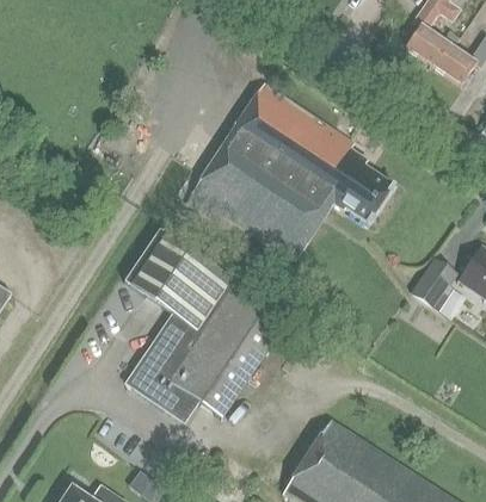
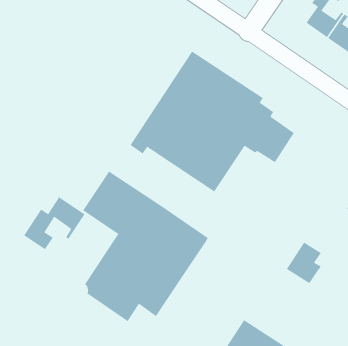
building: [410,258,455,311] -> [286,242,322,284]
building: none -> [23,196,86,250]

